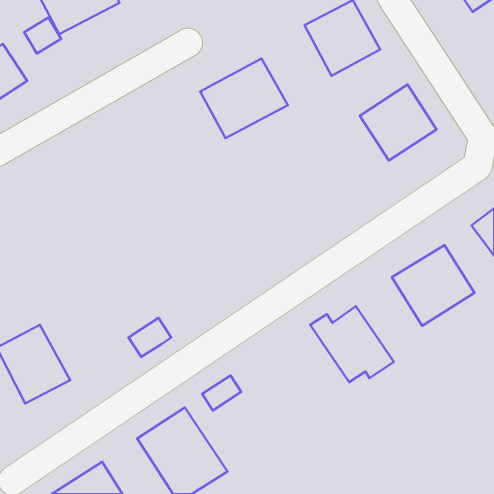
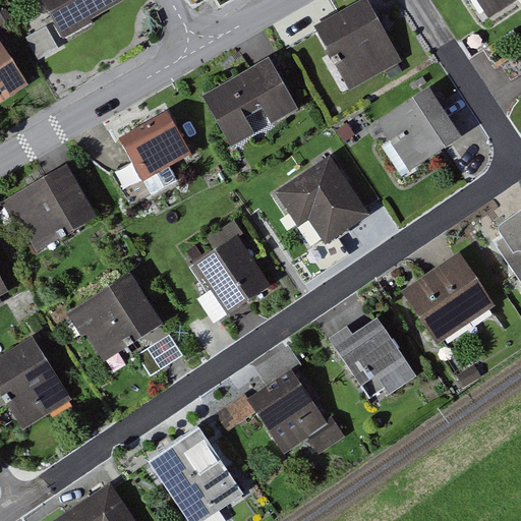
building: none -> [121,113,192,179]
building: none -> [272,155,365,243]
building: none -> [19,171,98,246]
building: none -> [191,237,266,314]
building: none -> [74,276,164,360]
building: none -> [246,346,341,453]

